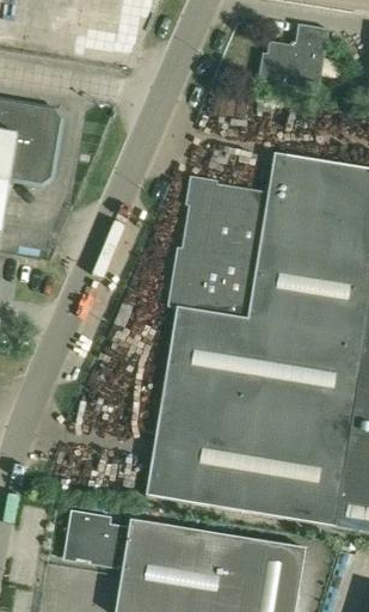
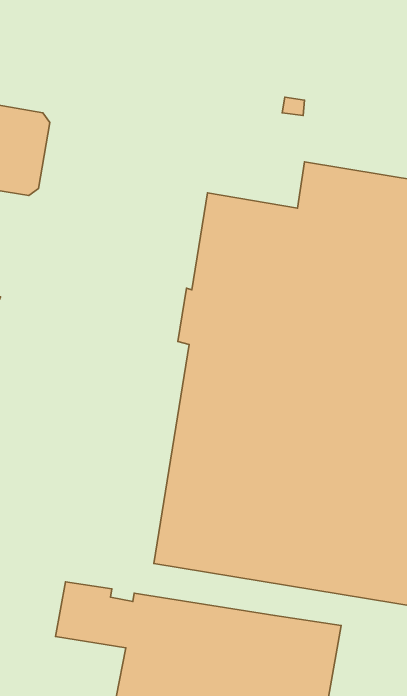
building: [258,23,342,86] -> none

